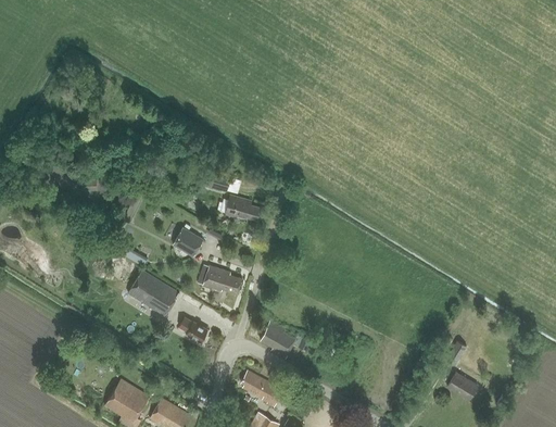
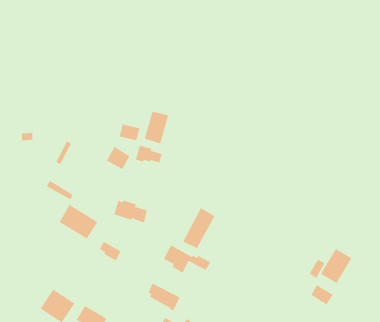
building: none -> [144,111,169,144]
building: [173,226,203,256] -> [106,146,130,170]
building: none -> [183,207,215,249]
building: none -> [320,248,352,284]

